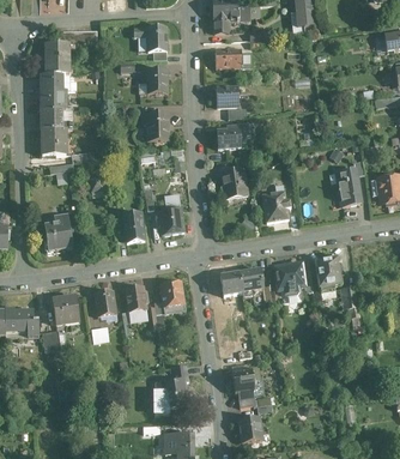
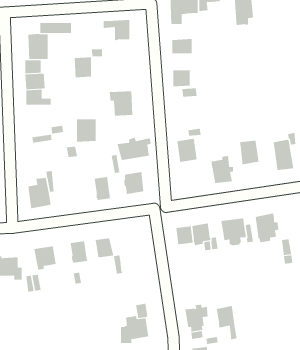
building: [145,67,166,92] -> [74,57,92,78]
building: [216,123,247,146] -> none
building: [41,127,65,155] -> [76,119,96,142]
building: none -> [117,137,151,161]
building: none -> [240,140,259,165]
building: [158,279,183,312] -> none
building: none -> [216,305,237,340]

